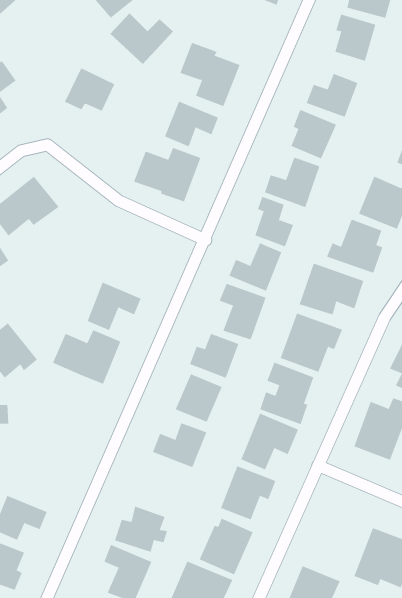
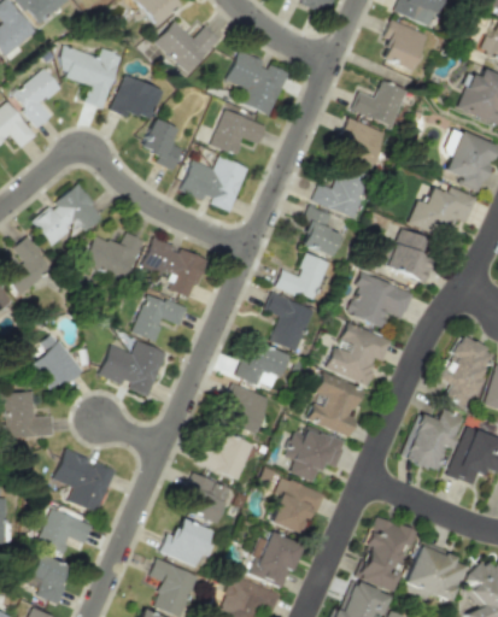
building: none -> [57,47,121,108]
building: none -> [141,118,183,170]
building: none -> [84,231,143,278]
building: none -> [143,237,206,298]
building: none -> [54,449,116,512]
building: none -> [182,472,232,523]
building: none -> [358,516,416,592]

